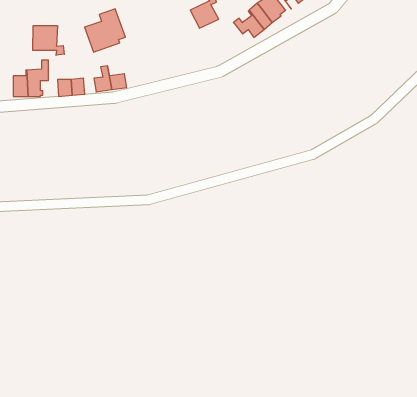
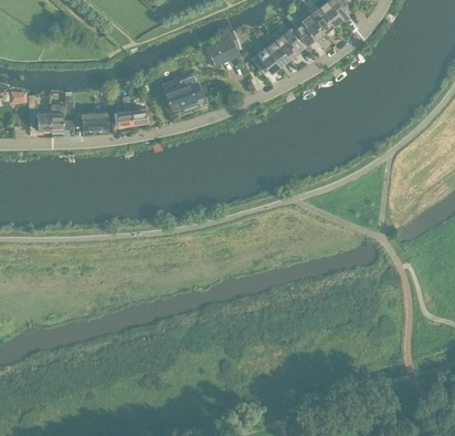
building: [85,9,125,52] -> [161,70,201,112]
building: [33,26,64,55] -> none

